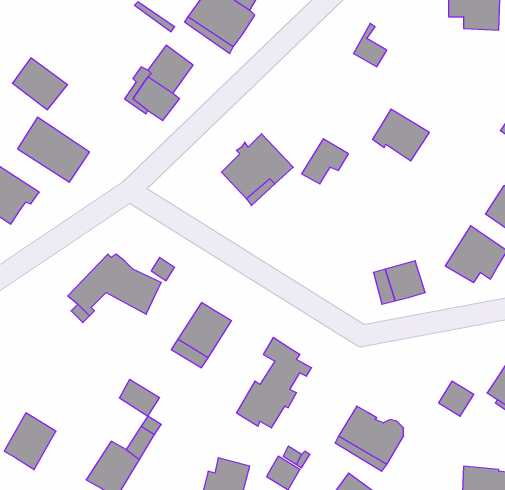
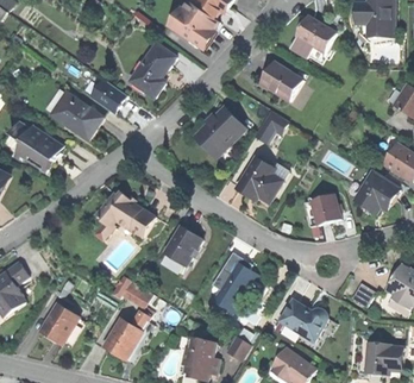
building: none -> [299,18,335,54]
building: [12,58,68,110] -> [90,75,130,112]
building: [373,109,429,161] -> [259,62,300,99]
building: none -> [236,156,281,200]

